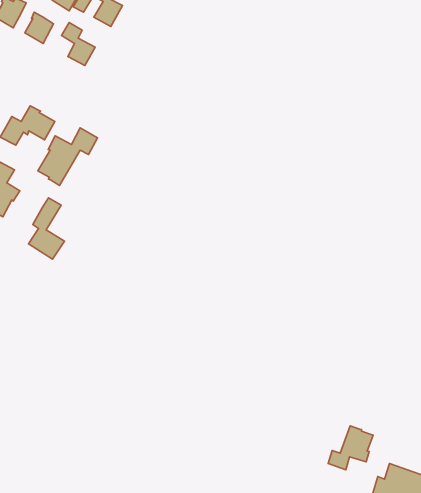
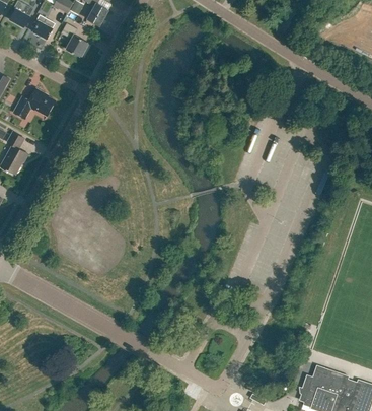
building: [38,128,97,185] -> none
building: [28,198,65,259] -> none
building: [328,426,373,470] -> none

